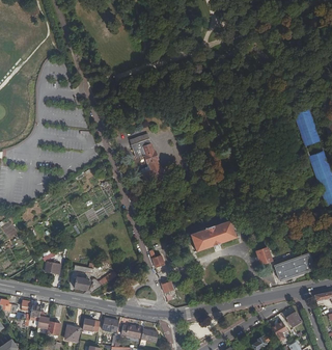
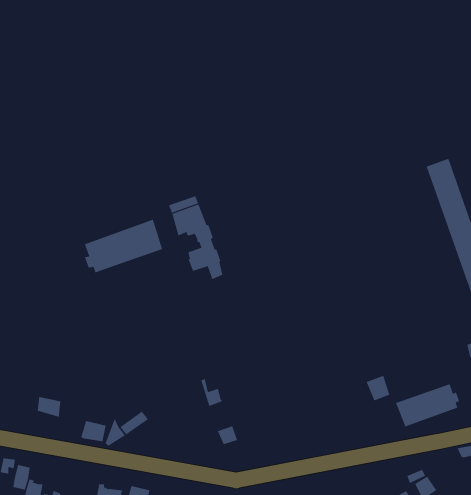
building: none -> [84,219,163,273]
building: [189,220,236,251] -> none

